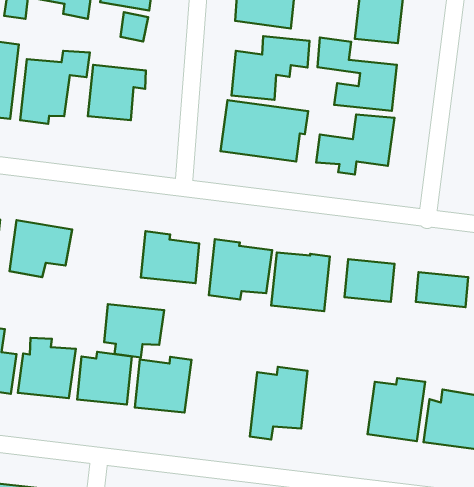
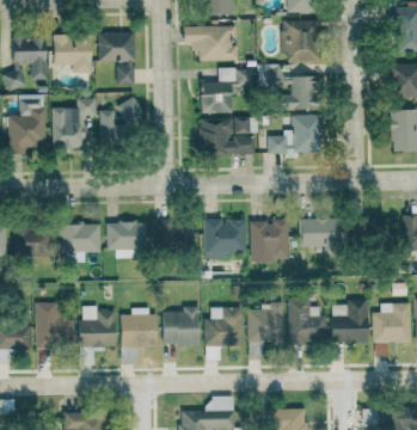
building: [104,304,164,357] -> [106,221,147,257]
building: none -> [204,306,243,345]
building: none -> [288,297,327,343]

